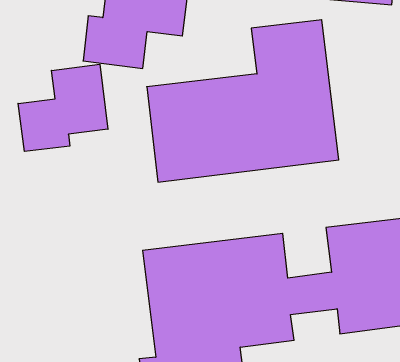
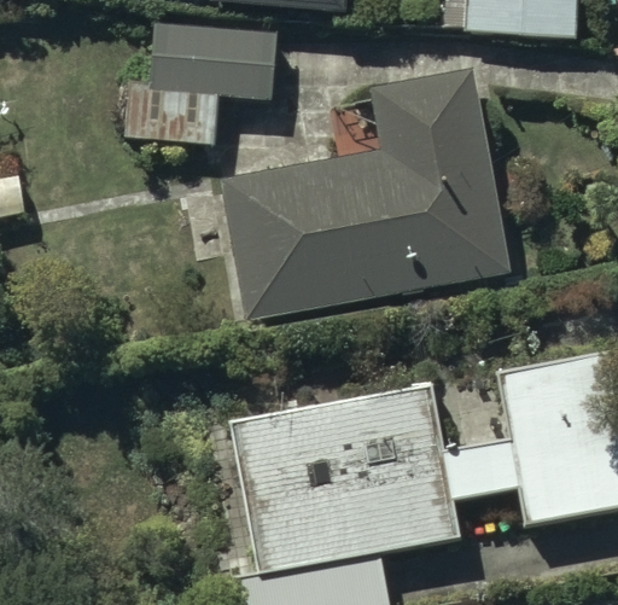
building: [18,64,108,151] -> none

